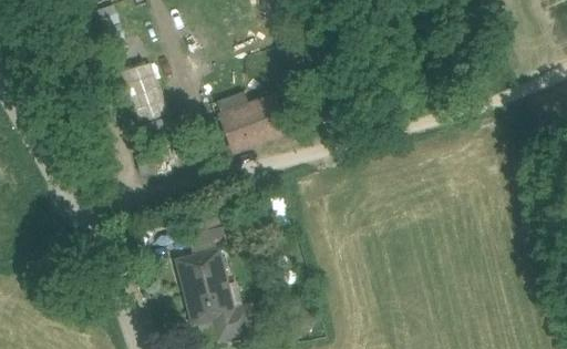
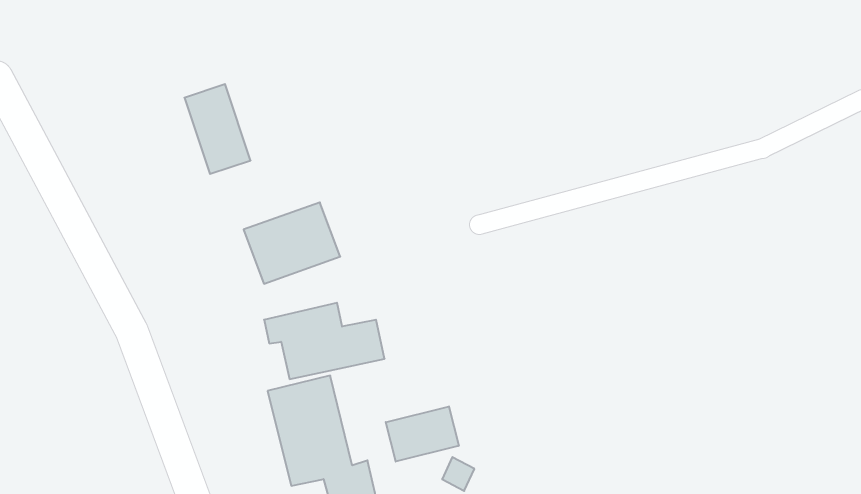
building: [218,99,281,152] -> [244,202,340,284]
building: none -> [386,406,459,462]

